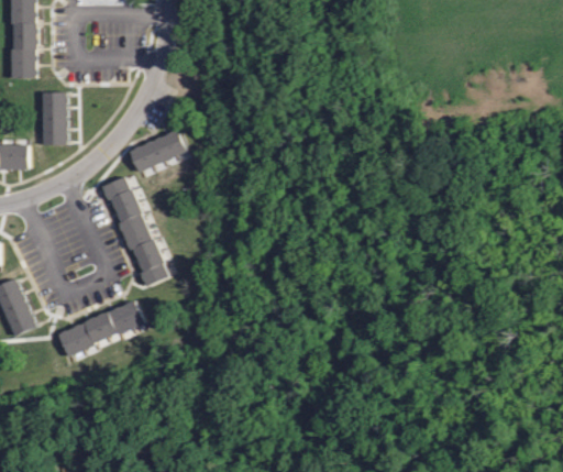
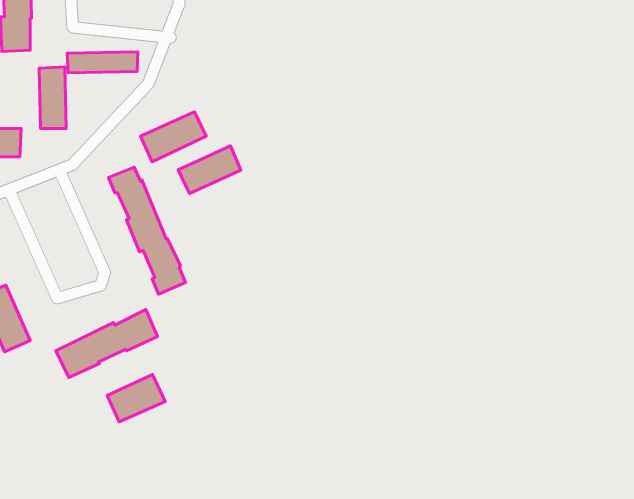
building: none -> [67,52,138,73]
building: none -> [178,146,241,193]
building: none -> [107,374,165,422]

